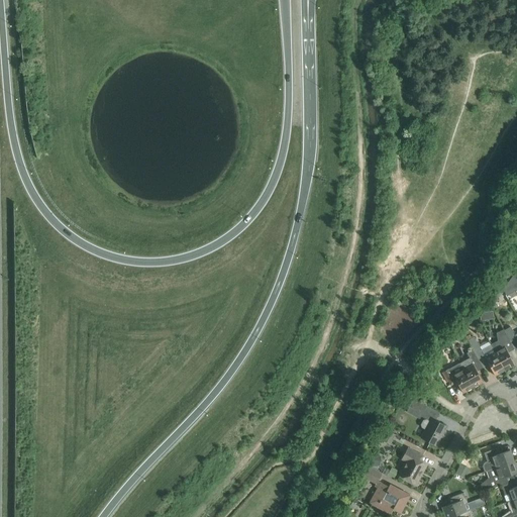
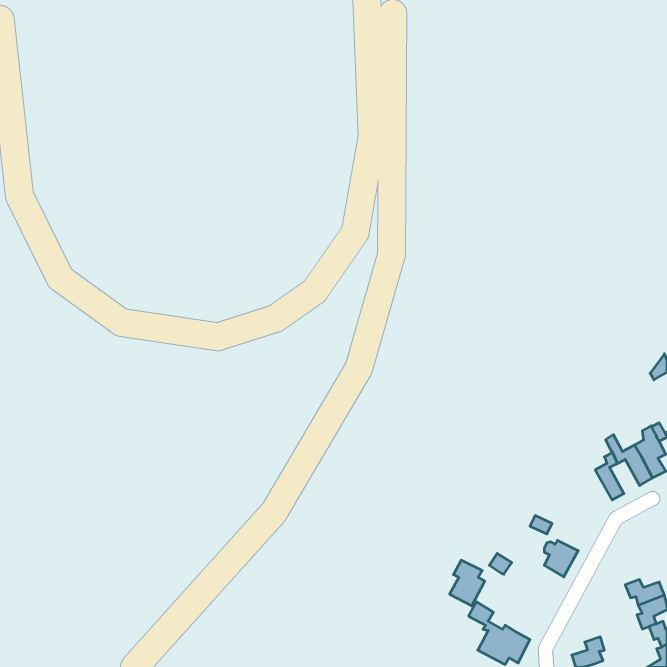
building: [443,364,474,393] -> none
building: [399,448,426,484] -> [450,560,485,606]

